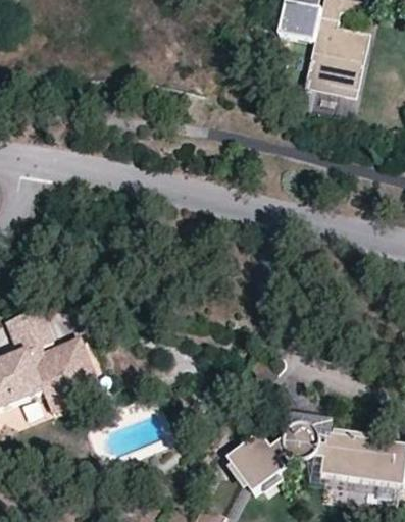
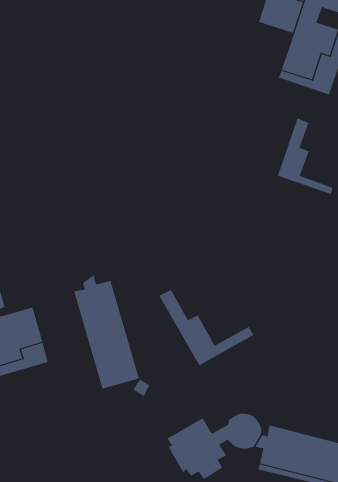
building: none -> [277,118,334,195]
building: none -> [73,274,140,390]
building: none -> [158,289,254,366]

